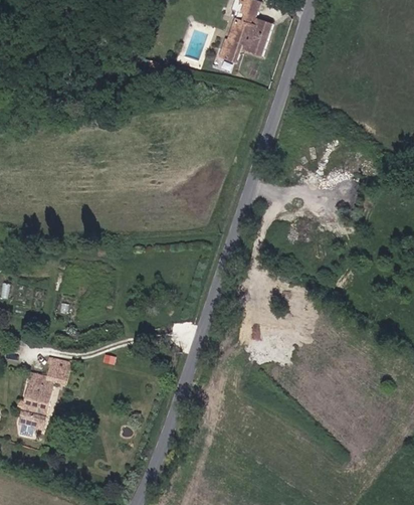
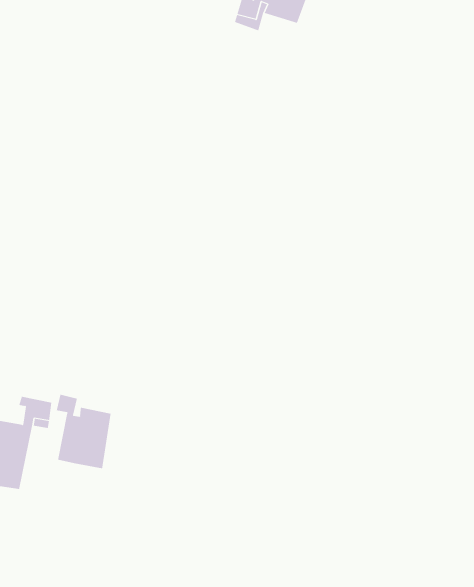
building: none -> [56,394,111,469]

